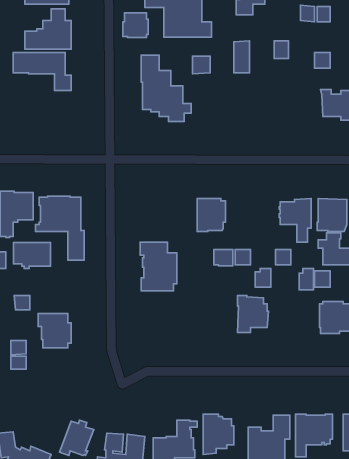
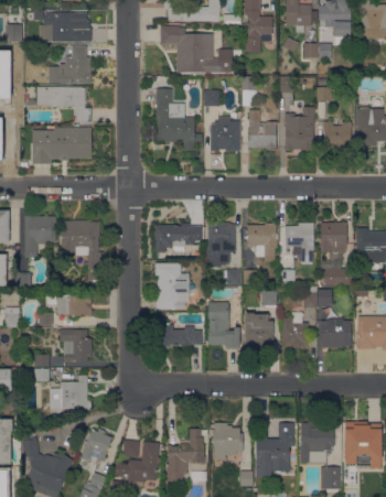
building: [123,13,148,37] -> none
building: none -> [285,107,314,151]
building: none -> [248,110,277,151]
building: none -> [211,117,240,151]
building: none -> [33,128,92,164]
building: none -> [247,223,278,261]
building: none -> [156,224,203,253]
building: [14,242,50,269] -> [57,294,92,318]
building: none -> [208,302,239,348]
building: none -> [282,313,309,348]
building: none -> [157,318,203,348]
building: none -> [49,376,90,410]

